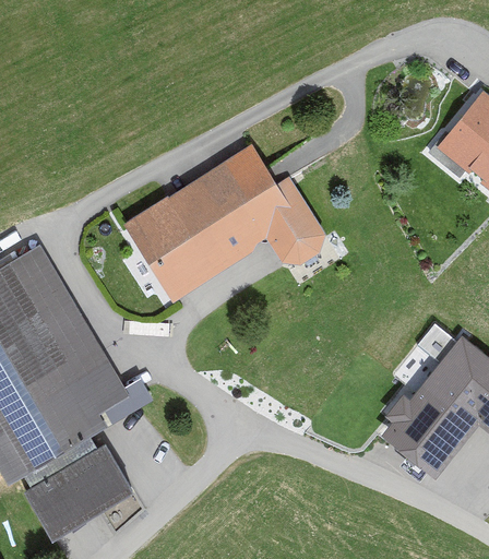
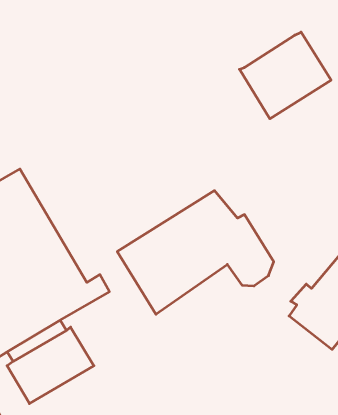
building: none -> [239,32,331,119]
building: [131,144,330,301] -> [117,191,274,314]

